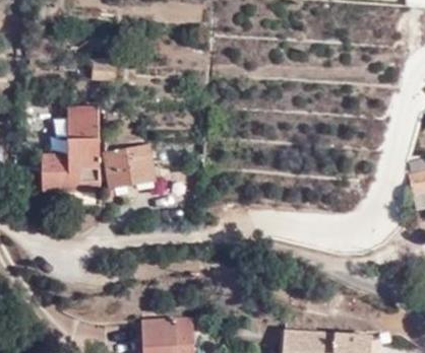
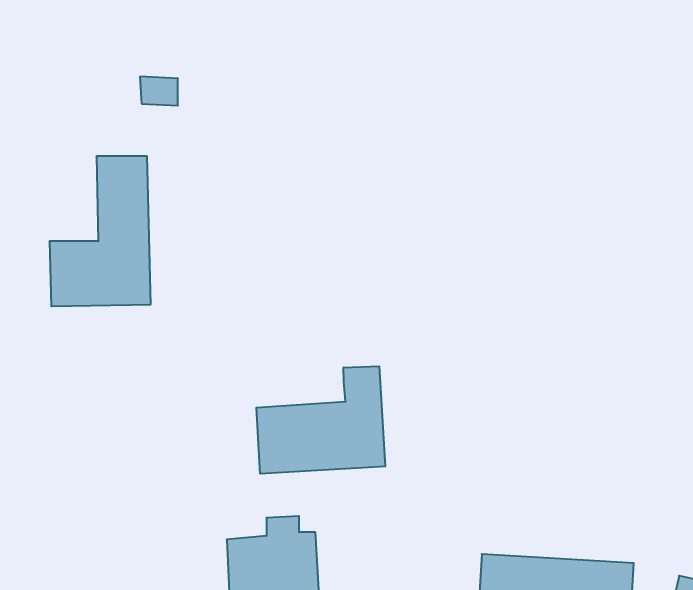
building: [103,144,155,189] -> none
building: none -> [256,366,385,474]

